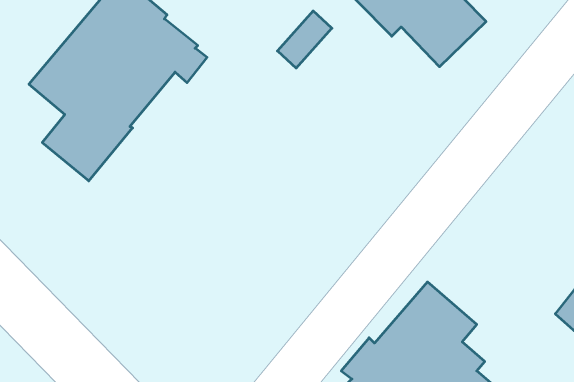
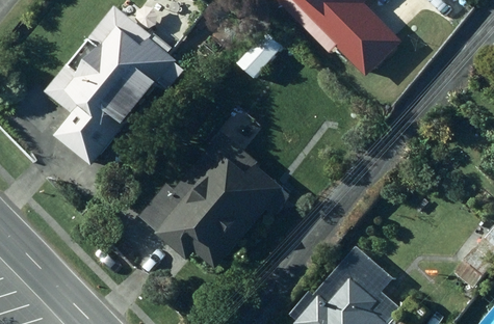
building: none -> [139,132,291,269]

